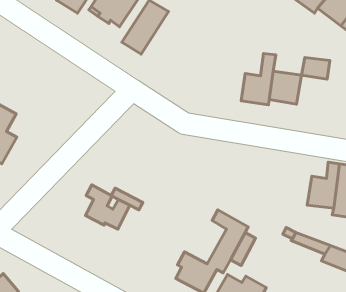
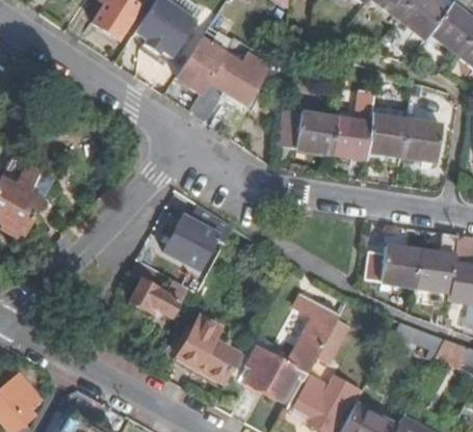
building: none -> [190,37,272,119]
building: none -> [281,111,336,153]
building: none -> [402,119,442,161]
building: none -> [163,216,217,269]
building: none -> [367,242,422,287]
building: none -> [180,319,236,381]

